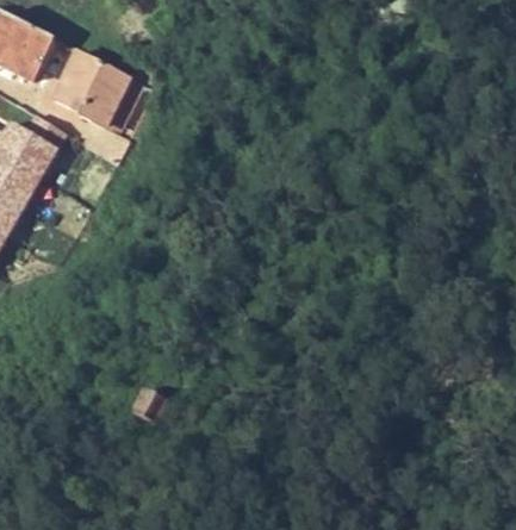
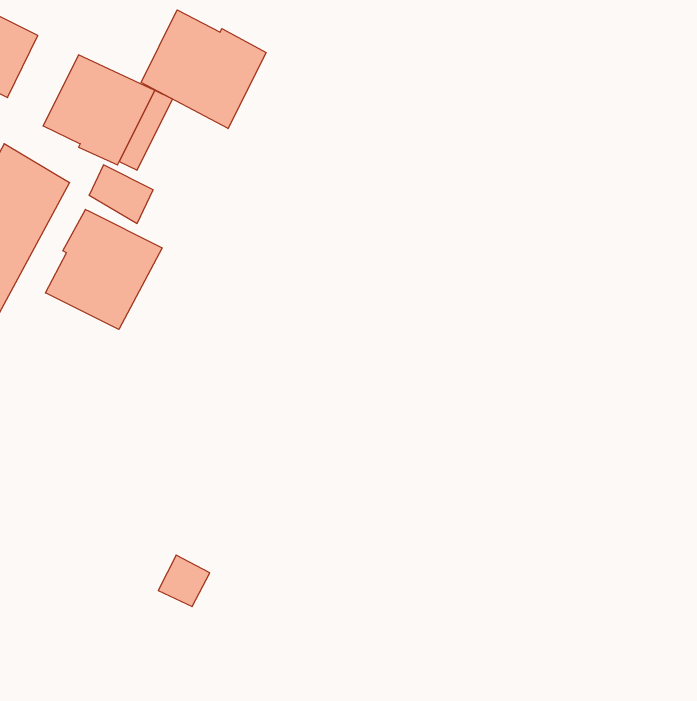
building: none -> [141,10,266,129]
building: none -> [45,209,162,329]

